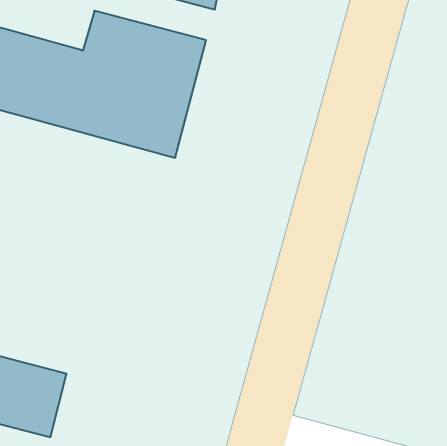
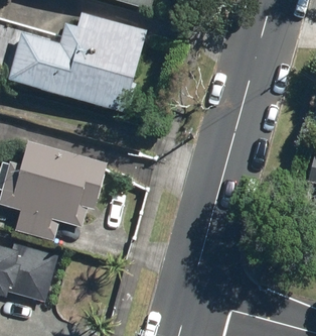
building: none -> [14,145,104,243]

